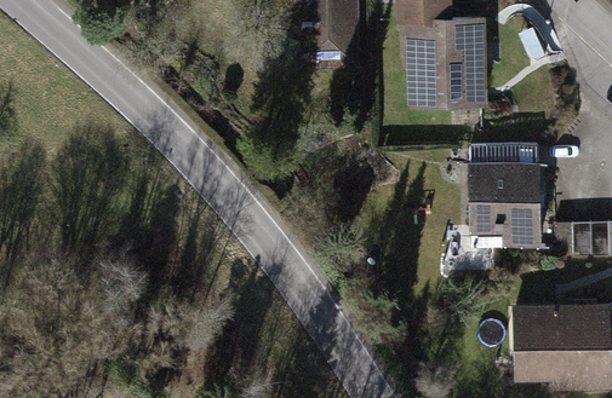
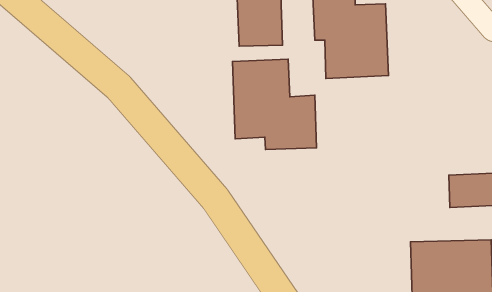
building: none -> [233,59,317,149]
building: [464,157,540,246] -> none

